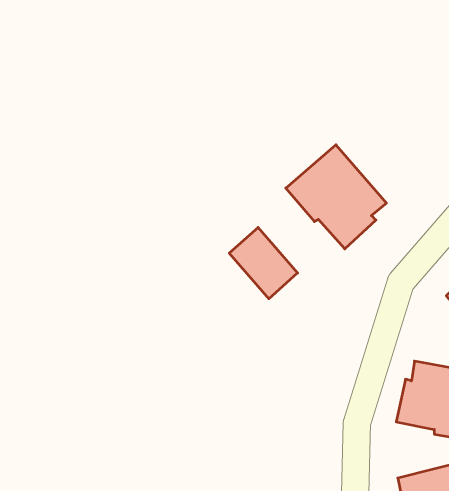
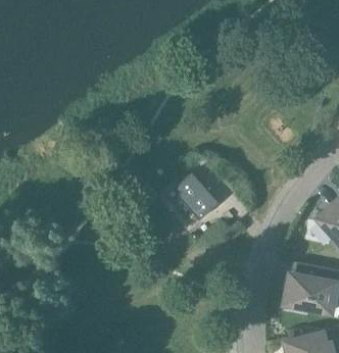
building: [286,145,386,249] -> none

